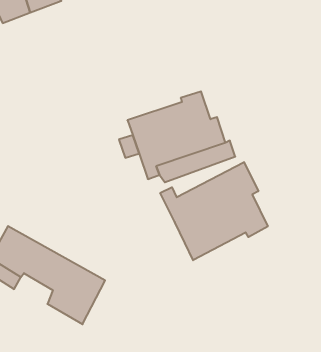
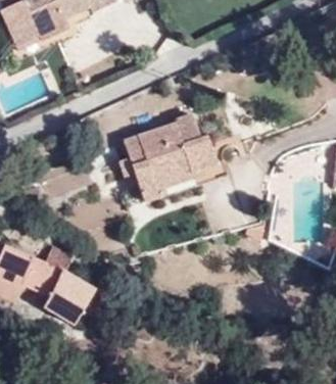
building: [160,162,268,260] -> none

